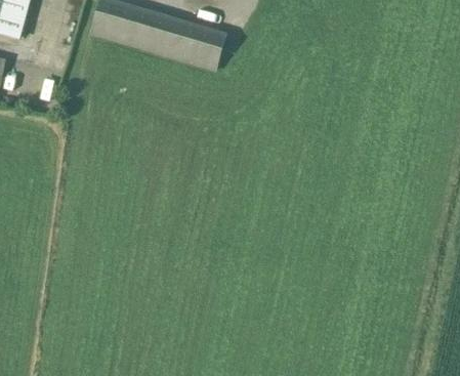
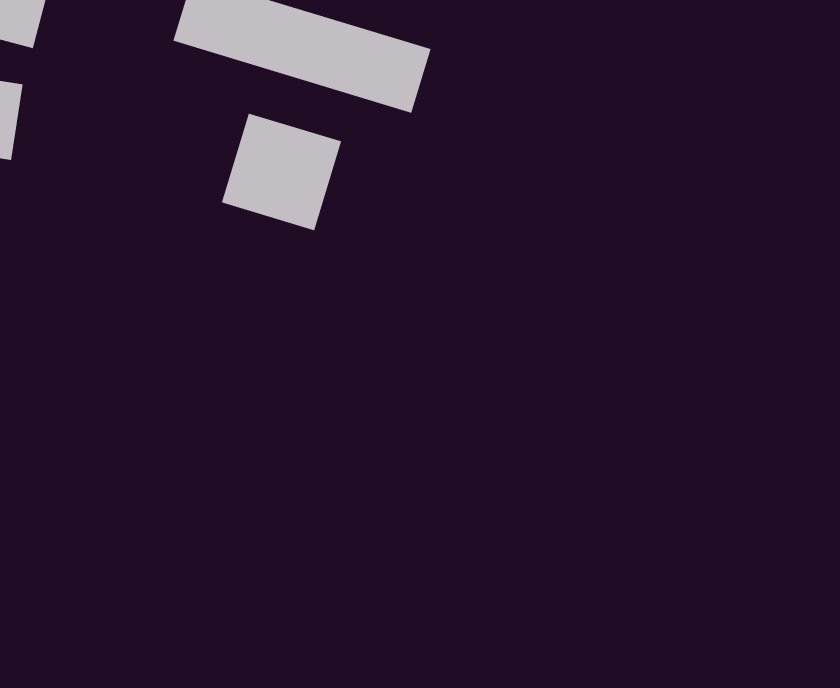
building: none -> [221,113,342,231]

